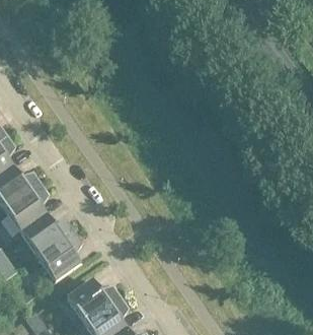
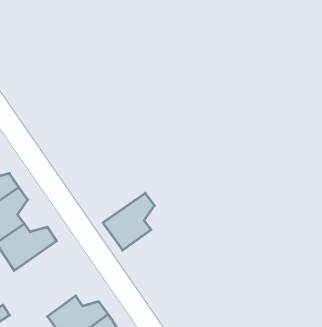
building: [36,230,82,281] -> [103,193,155,250]

